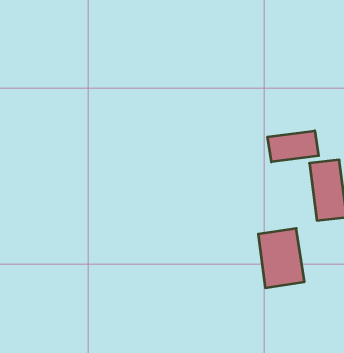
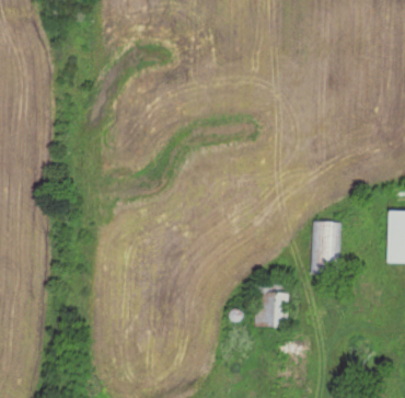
building: [268,131,319,162] -> none

